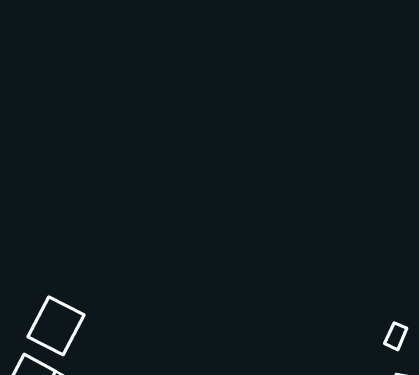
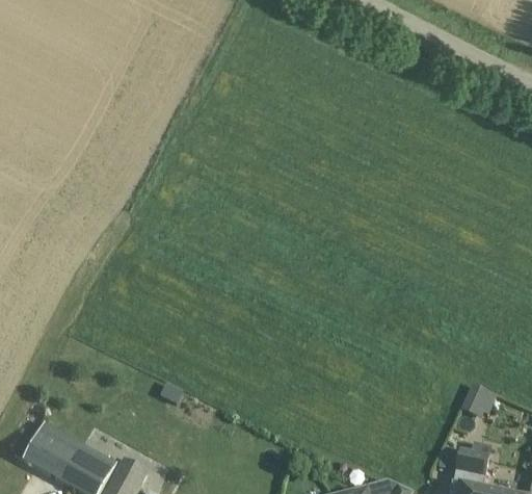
building: [28,297,84,355] -> none

